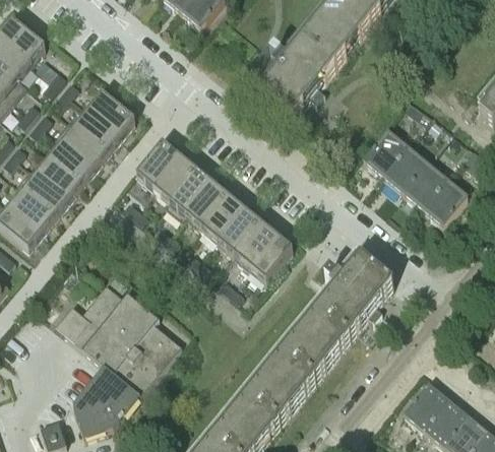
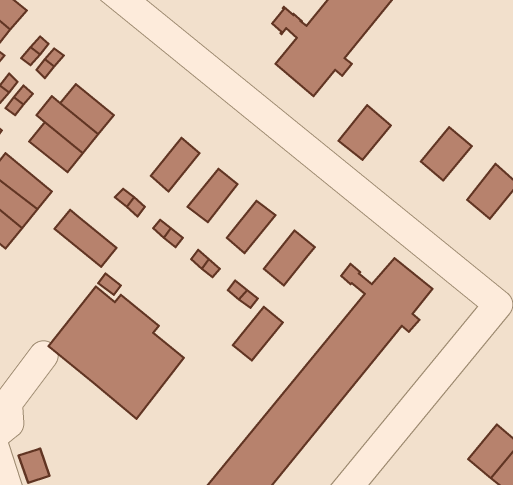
building: [83,89,133,136] -> none
building: [362,129,407,176] -> [339,105,391,160]
building: [135,142,178,188] -> none
building: [27,152,80,201] -> [55,210,116,267]
building: [401,163,446,208] -> none
building: [164,169,209,218] -> none
building: [200,195,242,241] -> none
building: [232,221,274,267] -> [233,307,283,361]
building: [72,365,139,438] -> none
building: [403,384,447,430] -> none

